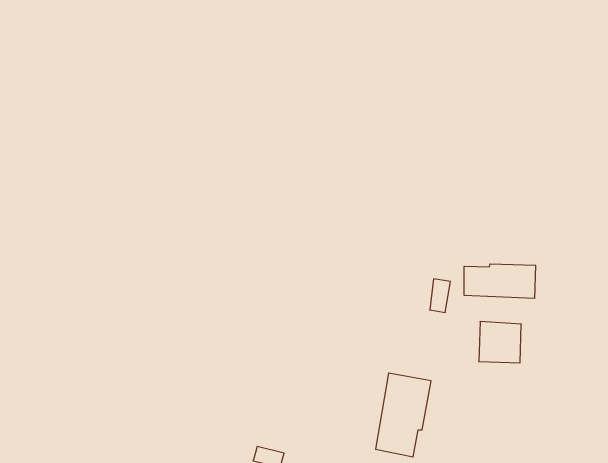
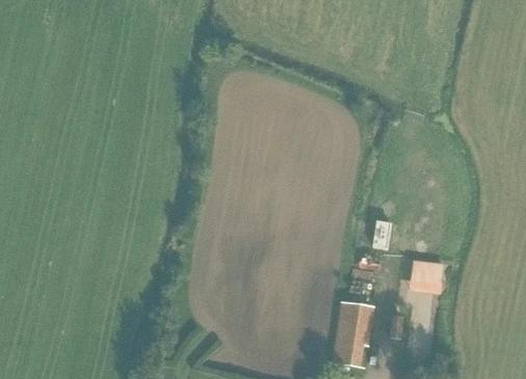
building: [464,264,536,298] -> none

